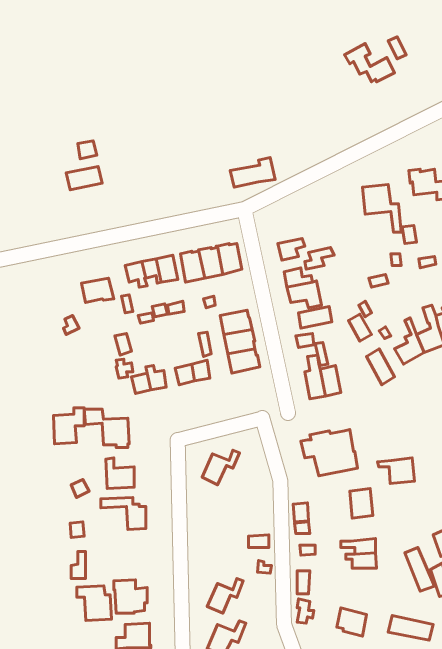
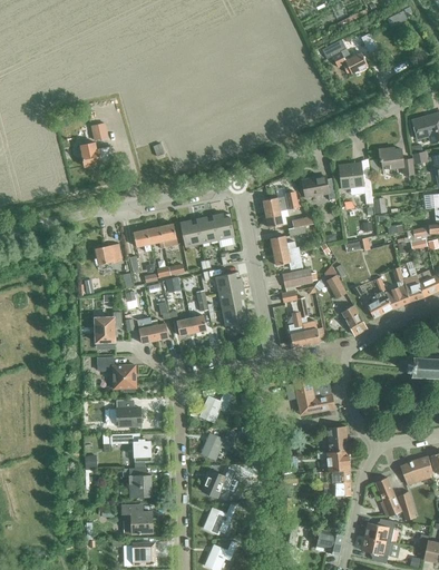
building: [230,158,275,187] -> [262,188,301,214]
building: none -> [303,176,336,200]
building: [53,408,84,444] -> [95,312,121,343]
building: [377,458,415,484] -> [318,450,350,472]
building: none -> [201,430,233,460]
building: none -> [202,466,235,498]
building: [77,586,112,620] -> [123,468,153,498]
building: none -> [364,519,394,542]

